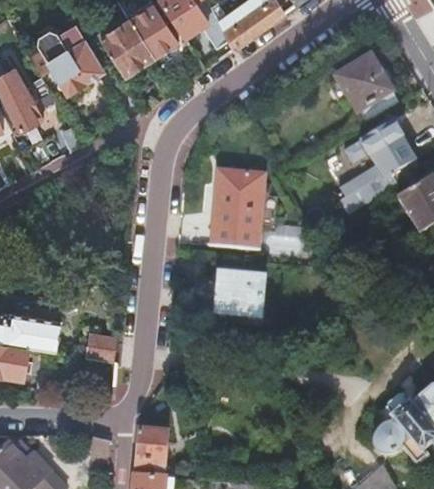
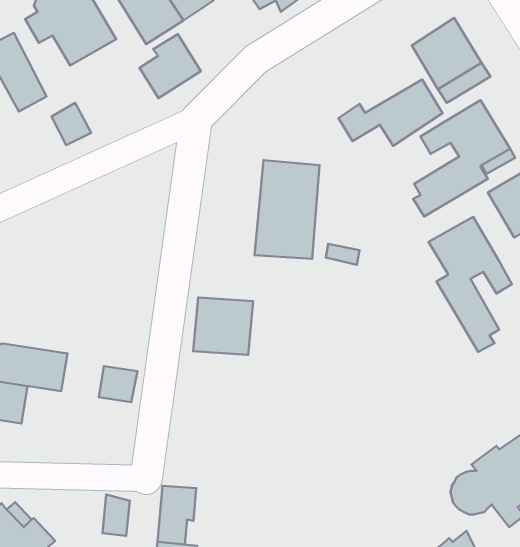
building: none -> [139,34,201,98]
building: none -> [338,79,442,146]
building: none -> [428,217,512,352]
building: [216,269,264,315] -> [193,298,253,355]

